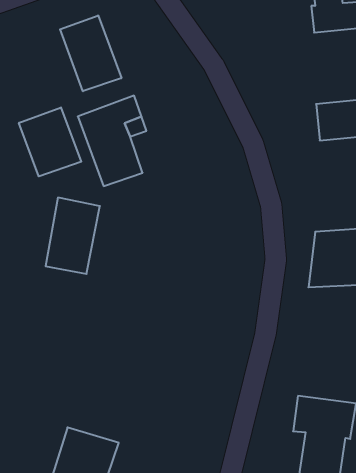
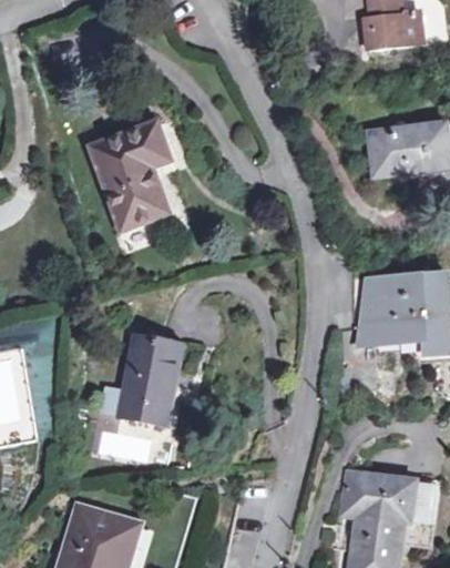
building: [60,15,121,91] -> none
building: [19,107,81,176] -> none
building: [46,198,100,274] -> [120,335,183,424]

